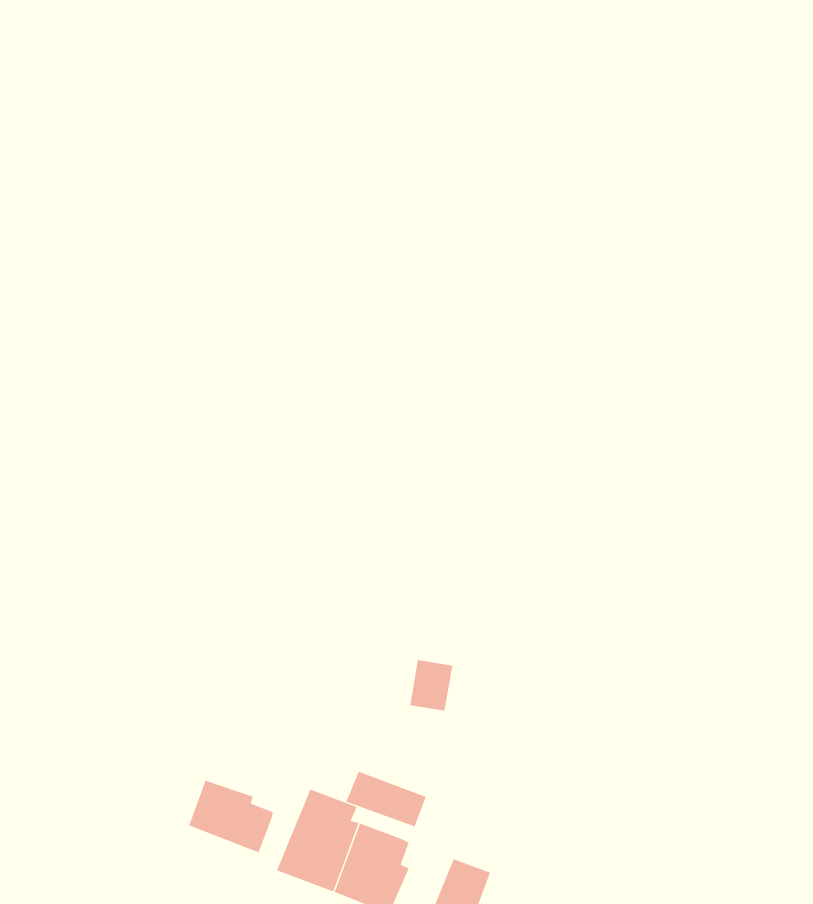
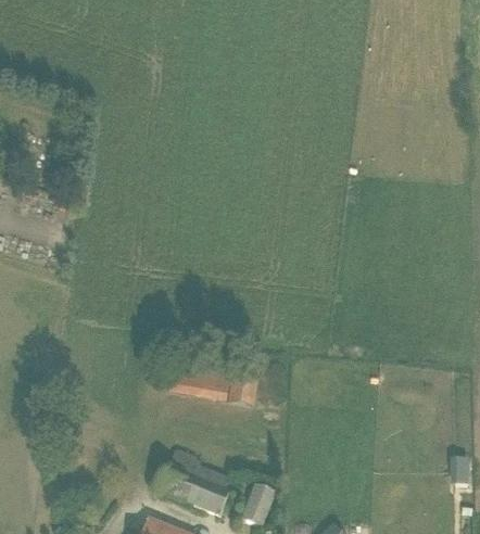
building: [345,771,427,827] -> none
building: [188,780,273,853] -> none

